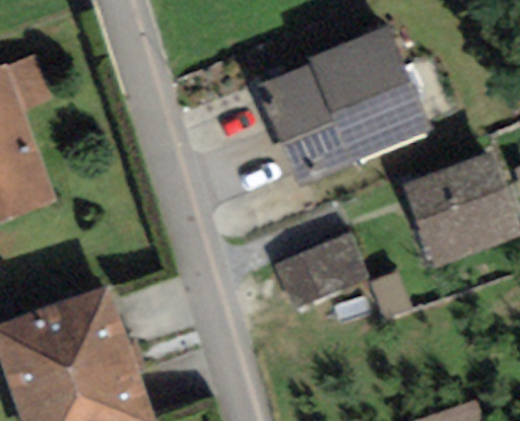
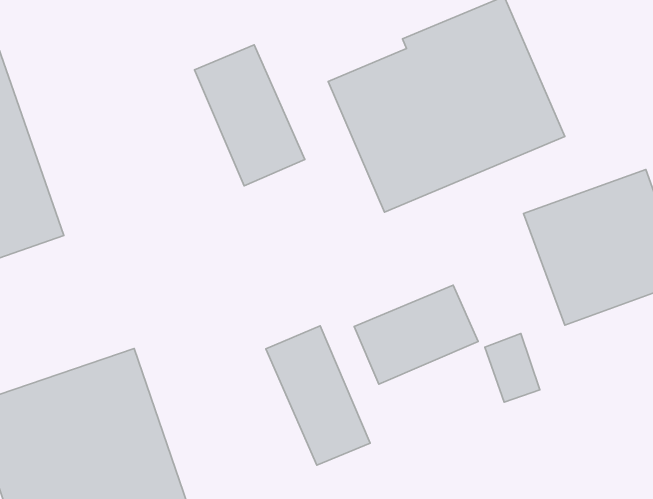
building: none -> [195,45,305,186]
building: none -> [266,326,370,465]

